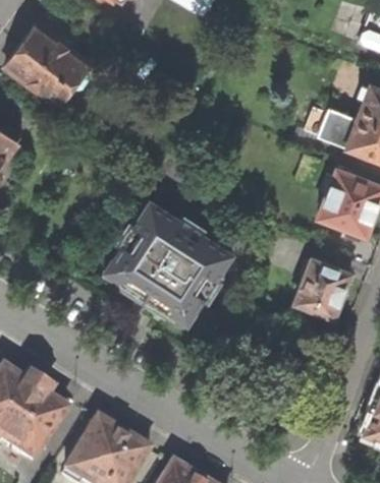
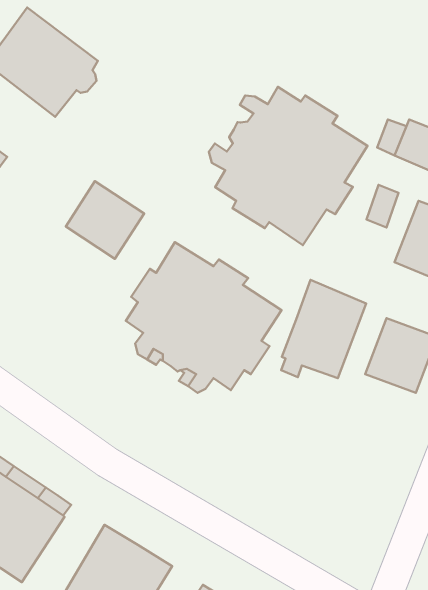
building: none -> [209,87,368,245]
building: none -> [66,181,144,259]
building: none -> [281,280,366,378]

